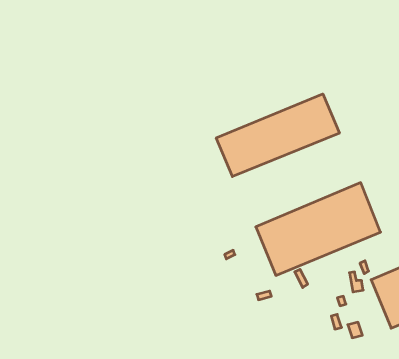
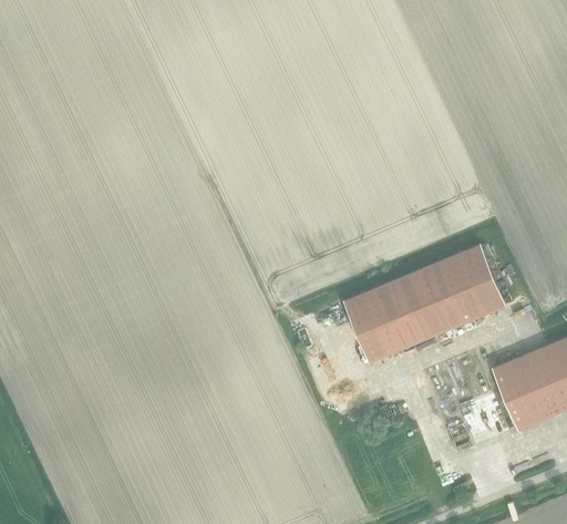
building: [216,94,339,177] -> none

